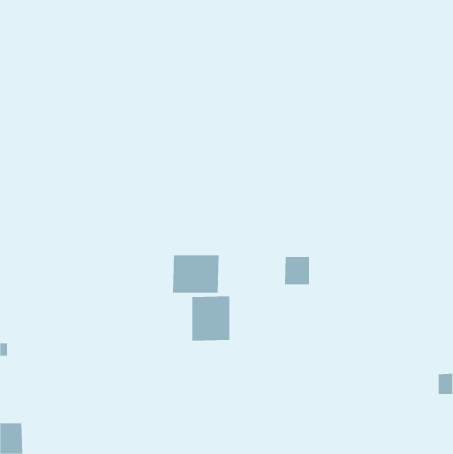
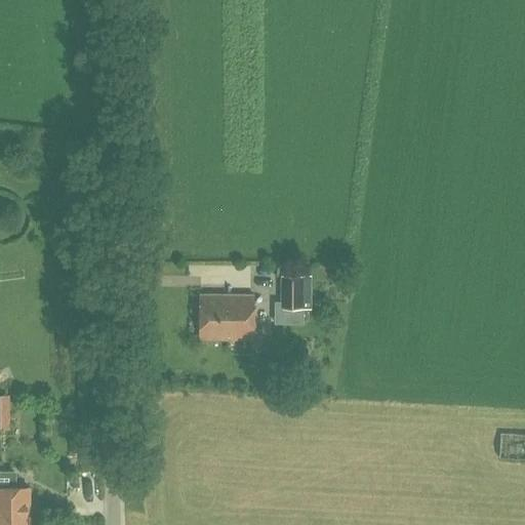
building: [284,256,310,285] -> [280,276,310,309]
building: [192,296,230,341] -> none

